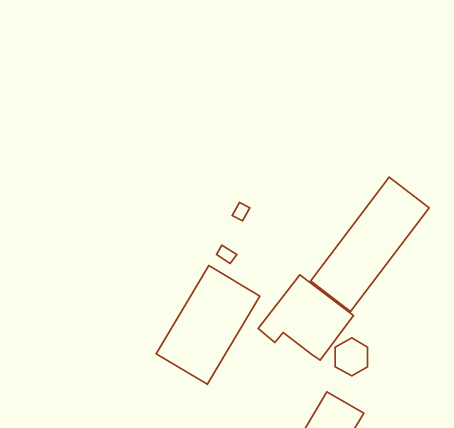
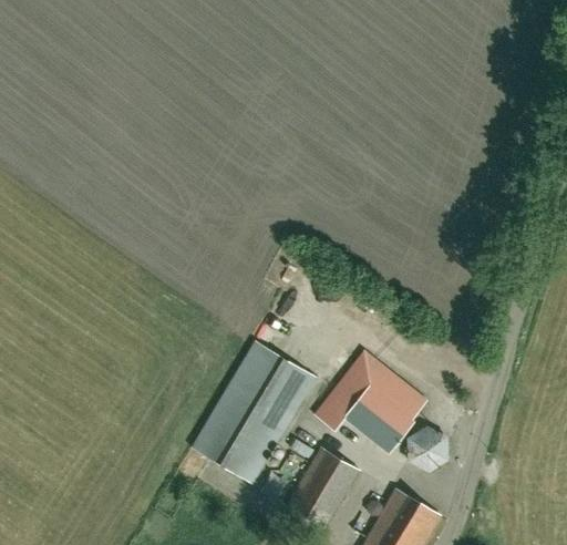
building: [310,177,429,312] -> none
building: none -> [289,448,359,526]

